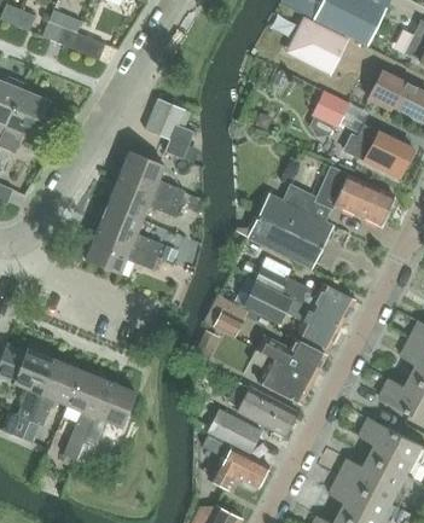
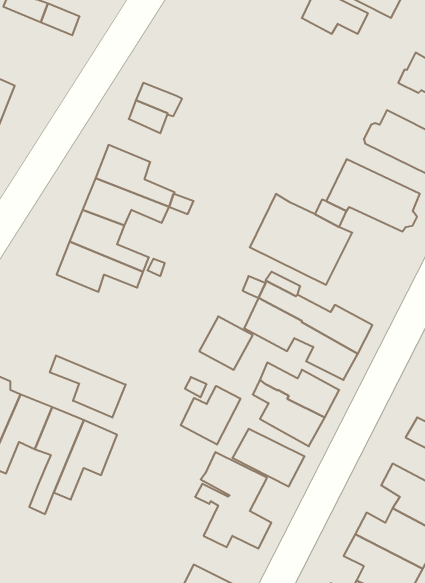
building: [312,91,349,128] -> none
building: none -> [50,355,126,418]
building: none -> [181,386,240,445]

